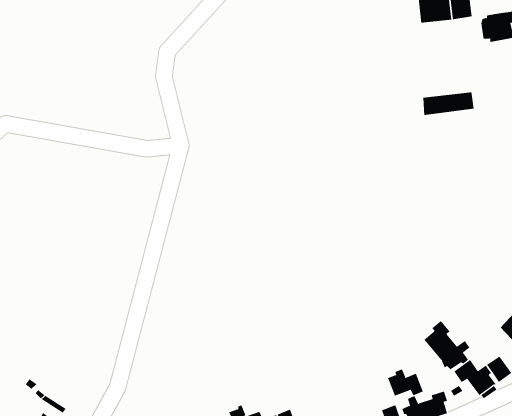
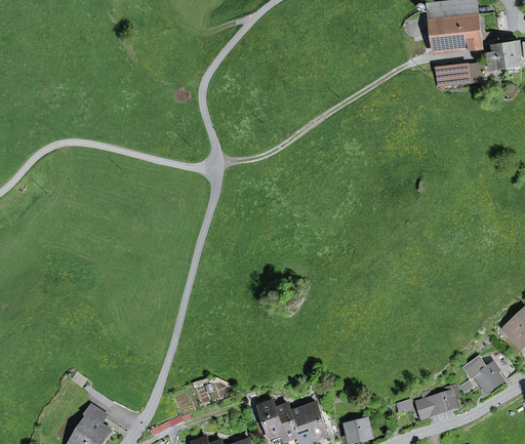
building: [422,92,474,116] -> [436,64,483,85]
building: [424,320,470,370] -> none
building: [387,369,423,397] -> none

